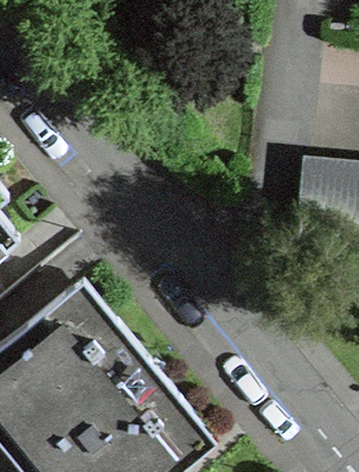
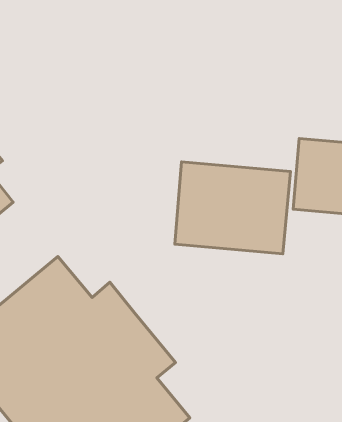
building: none -> [175,162,291,254]

